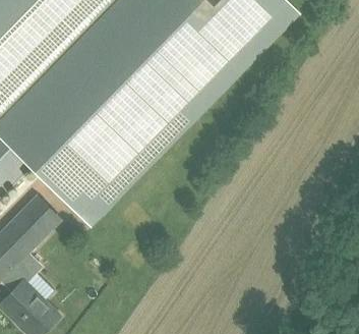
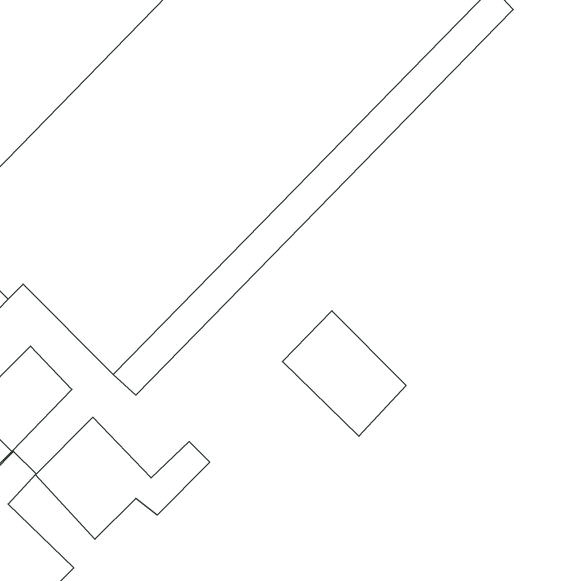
building: none -> [282,311,406,436]
building: none -> [35,417,210,539]

